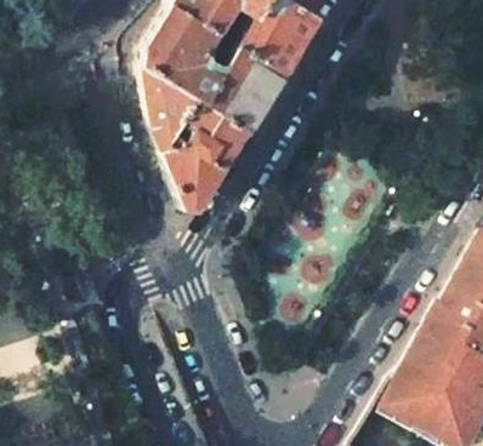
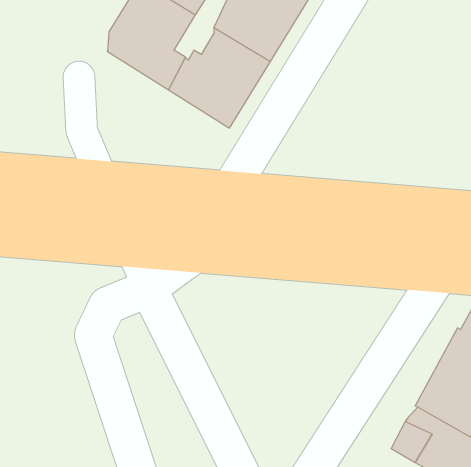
building: [141,65,245,212] -> none

